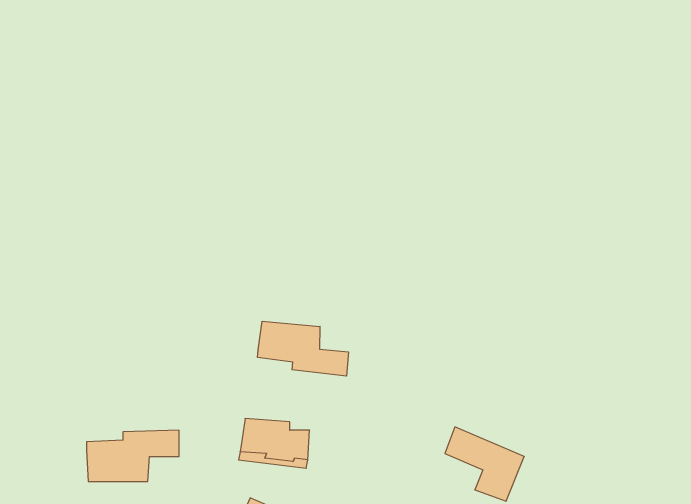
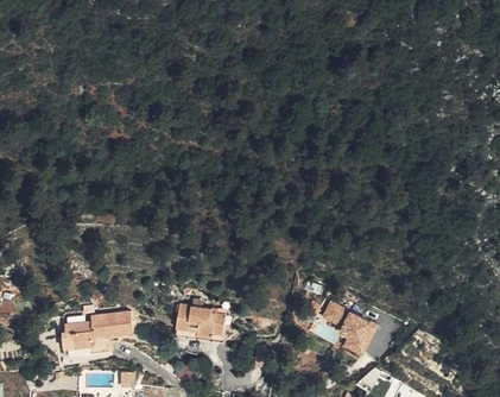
building: [258,321,348,376] -> none

